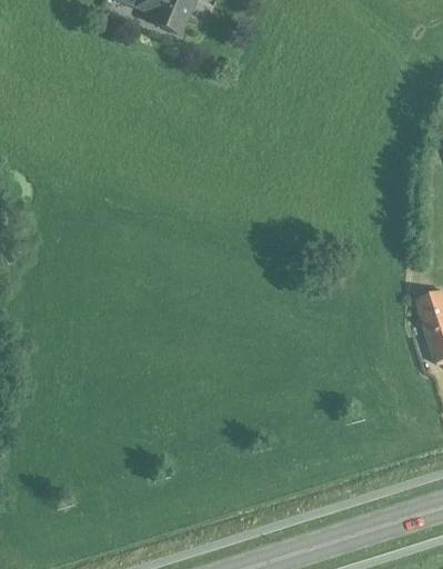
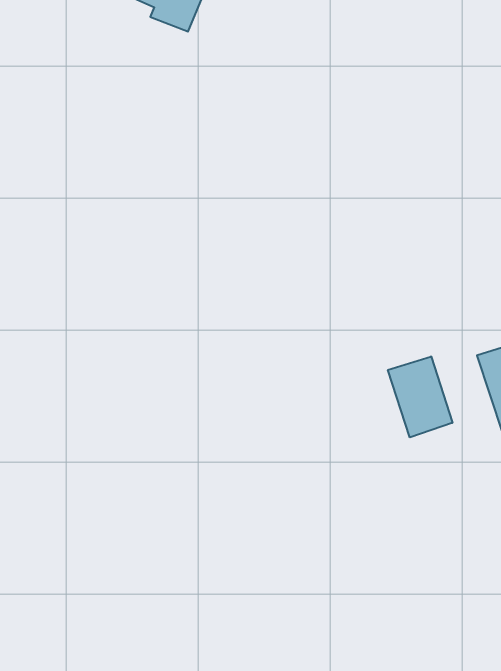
building: none -> [388,356,452,437]

